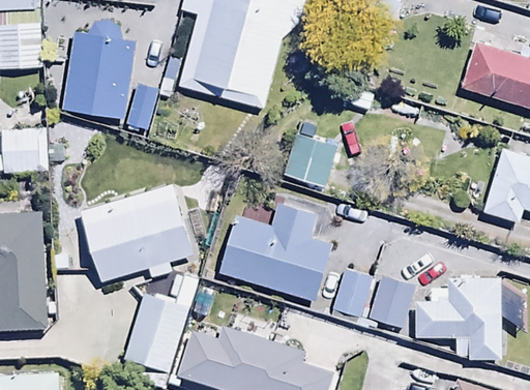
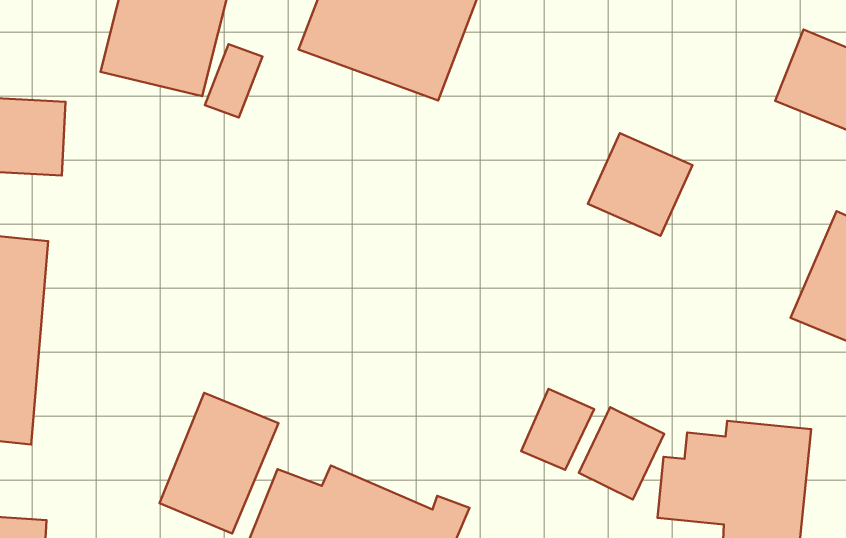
building: [282,131,341,189] -> [588,133,692,236]
building: [81,183,196,282] -> none
building: [217,202,330,299] -> none

